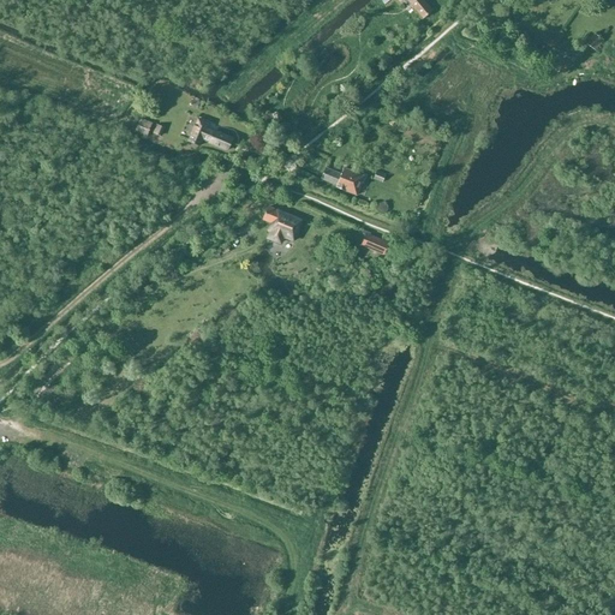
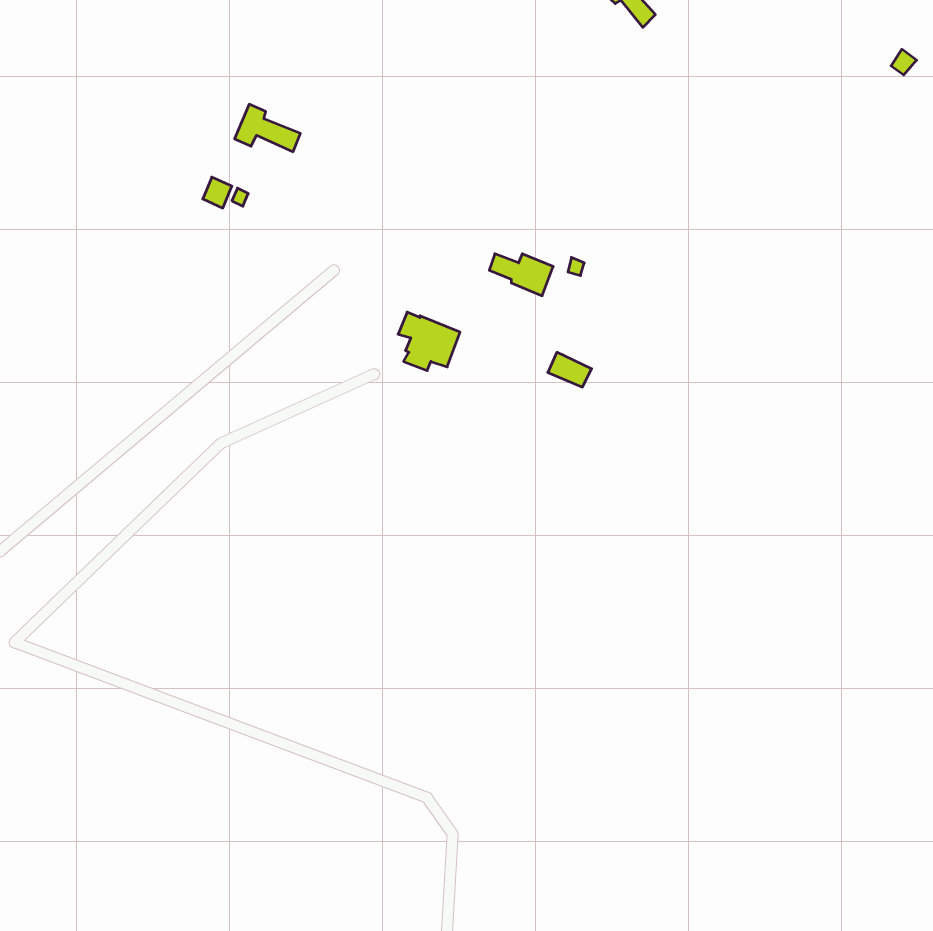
building: [189,118,232,149] -> [235,104,300,152]

